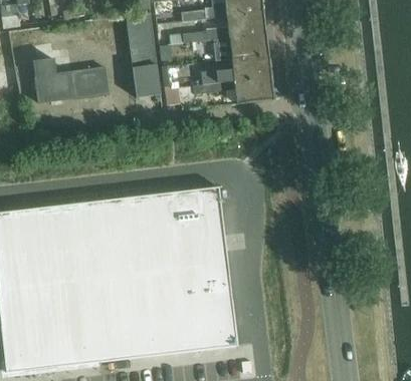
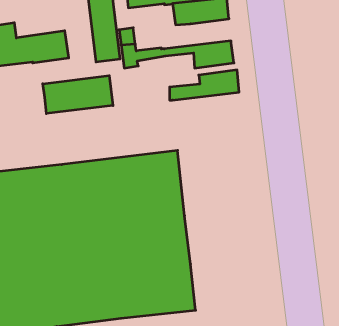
building: [201,55,270,85] -> [170,70,239,100]
building: none -> [43,76,113,114]

